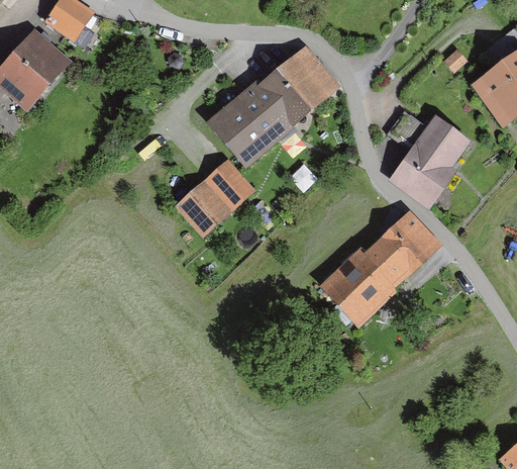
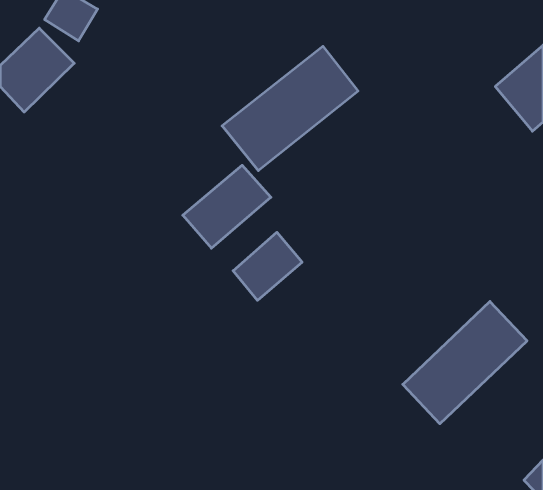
building: [393,112,477,202] -> none
building: [320,209,438,325] -> [403,301,527,424]
building: none -> [233,232,302,300]

